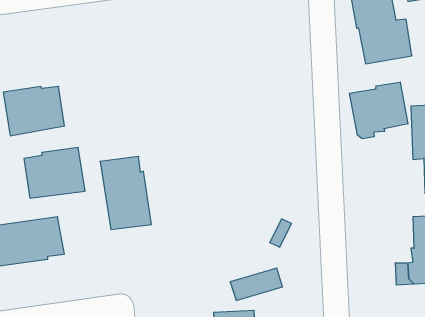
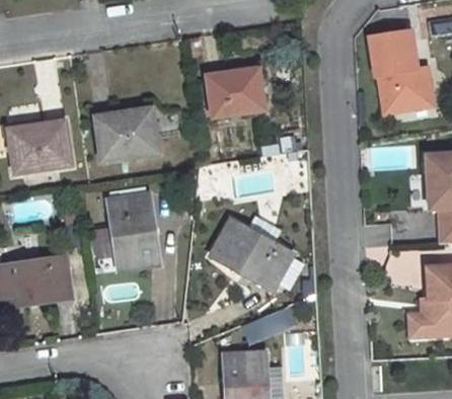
building: none -> [206,69,263,118]
building: [350,82,408,139] -> none
building: [24,148,85,198] -> [94,108,157,160]
building: none -> [210,220,291,290]

